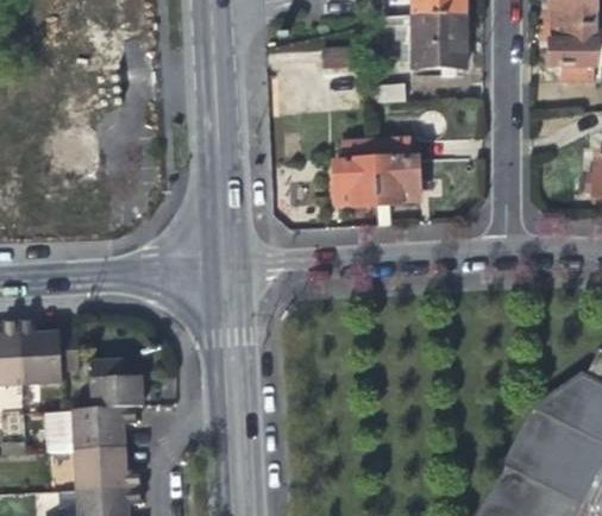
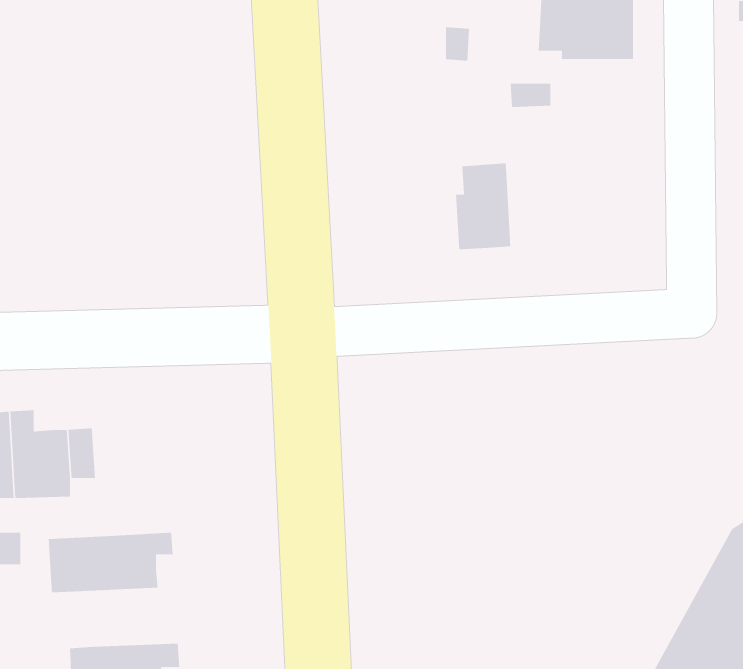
building: [375,136,419,203] -> none
building: [90,360,142,410] -> none
building: [75,448,139,490] -> none

